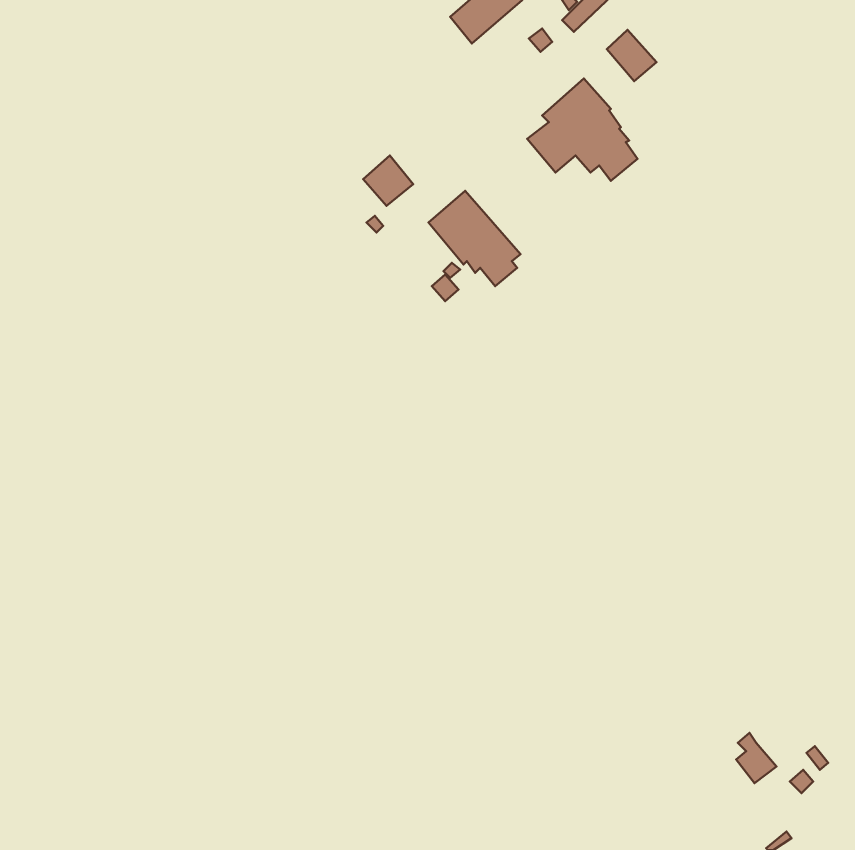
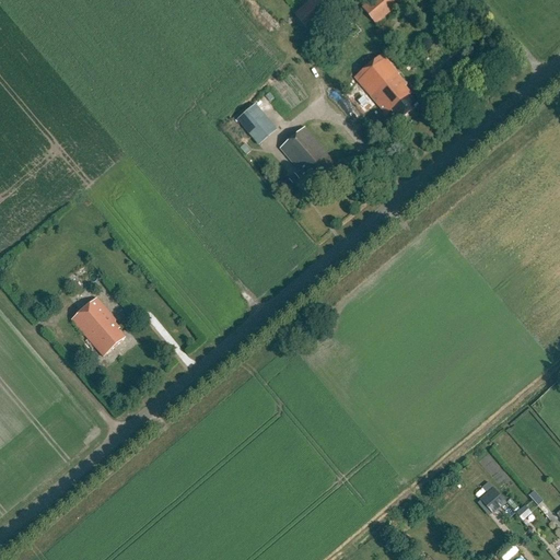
building: [607,30,656,81] -> none
building: none -> [72,296,125,354]

